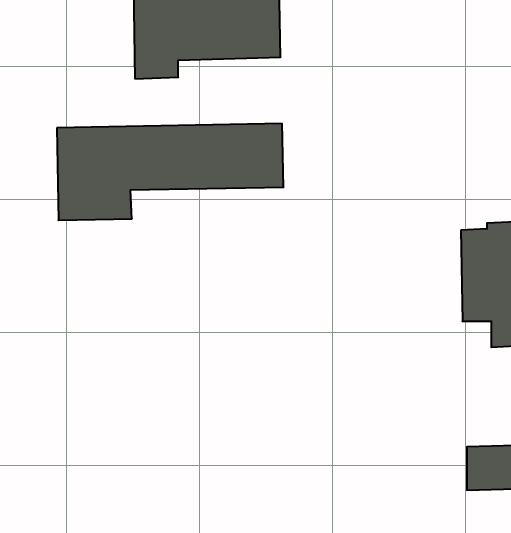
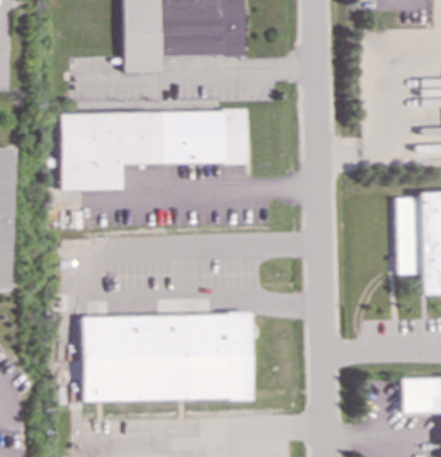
building: none -> [83,312,253,401]

